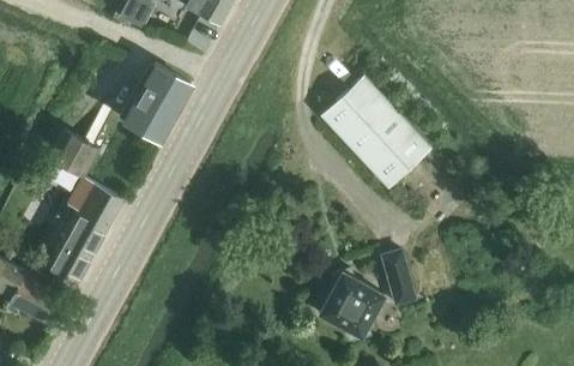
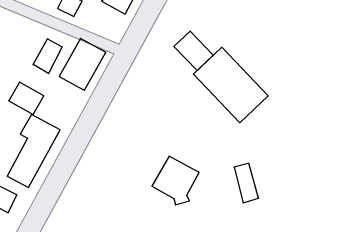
building: none -> [174,31,213,70]
building: none -> [33,39,62,74]
building: [316,270,386,342] -> [152,156,199,205]

